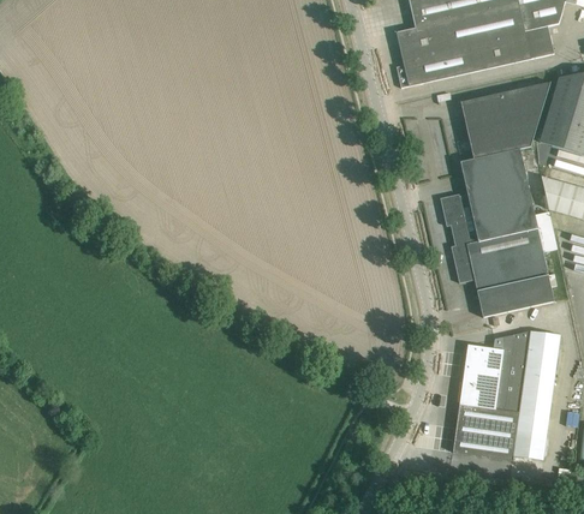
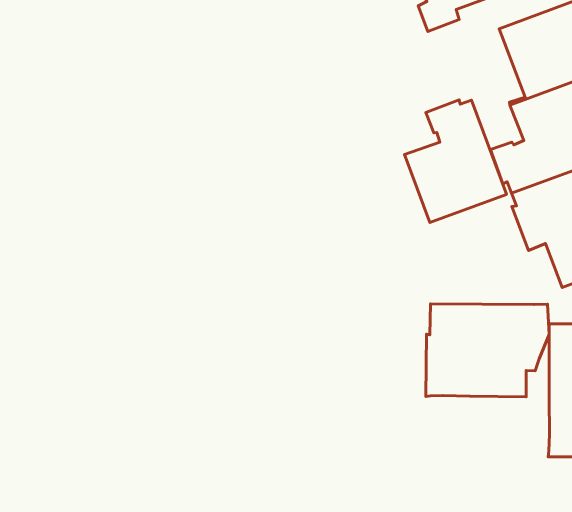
building: none -> [405,100,507,223]
building: none -> [426,304,549,397]

